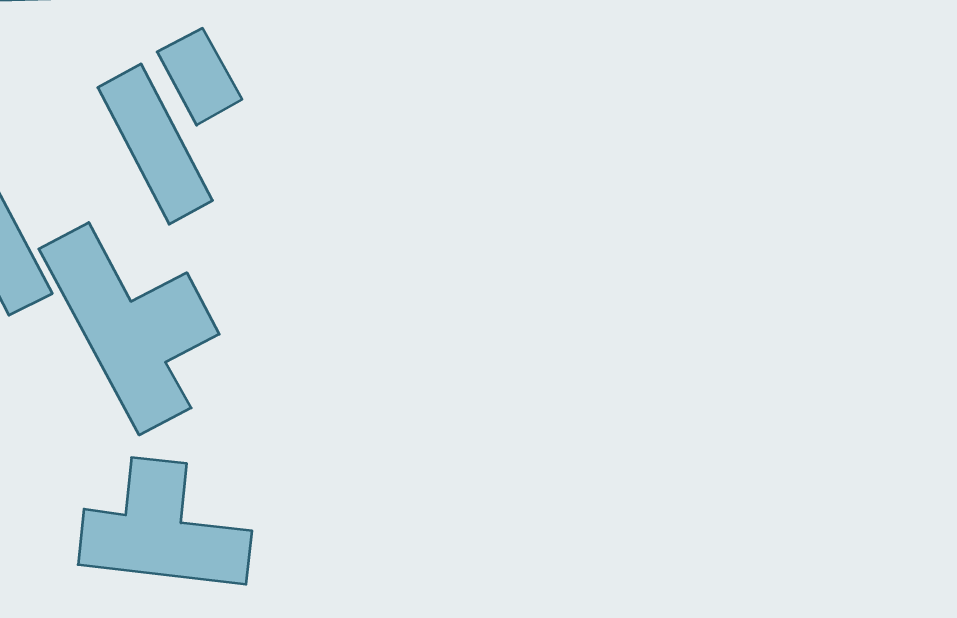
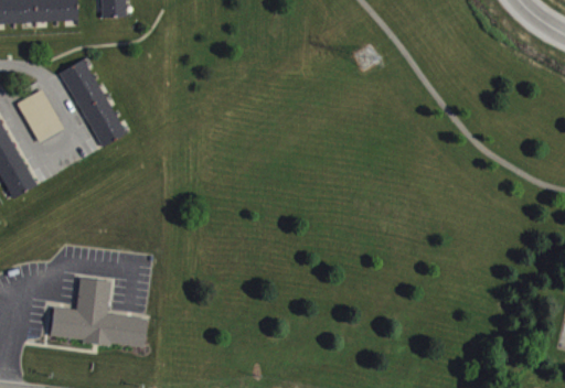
building: [157,28,242,125] -> [17,88,64,142]
building: [39,222,219,435] -> none

